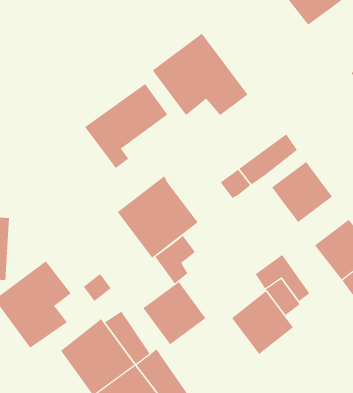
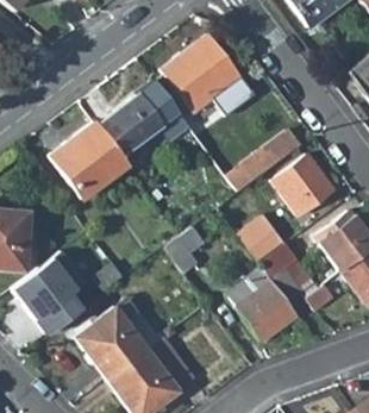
building: [117,176,198,259] -> [51,120,129,199]
building: none -> [237,214,287,264]
building: [143,281,206,345] -> none

